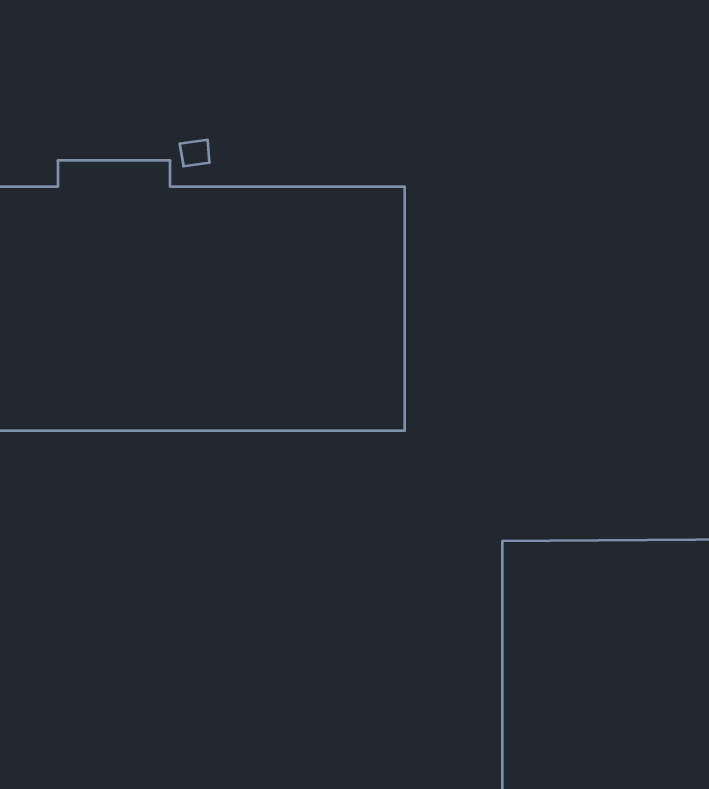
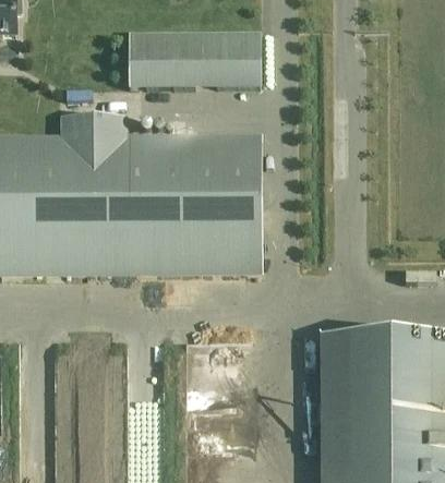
building: none -> [129,35,261,88]

